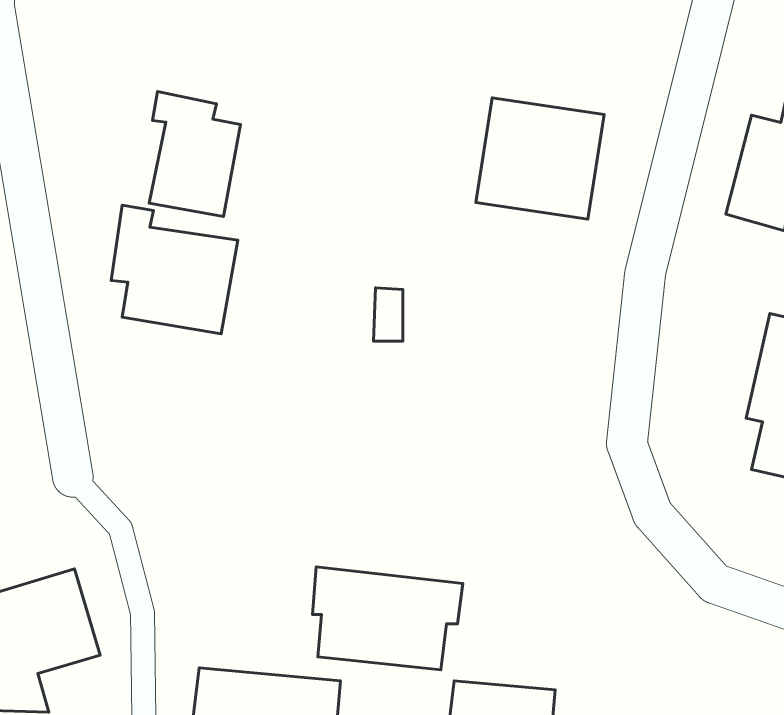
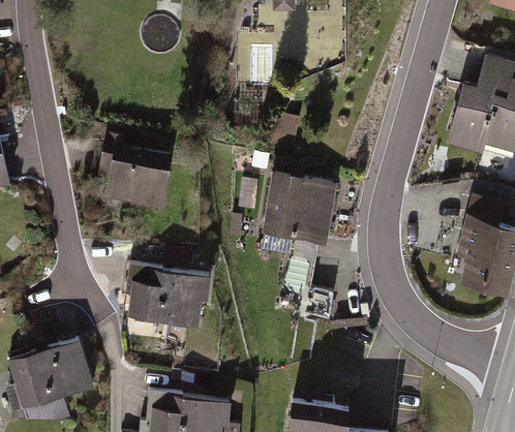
building: [149,91,240,216] -> none
building: [476,98,604,219] -> [263,174,335,242]
building: [312,567,463,670] -> [126,268,211,326]

